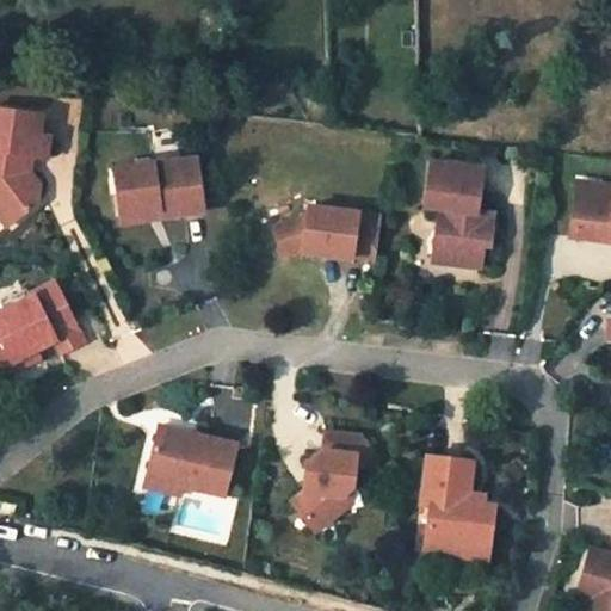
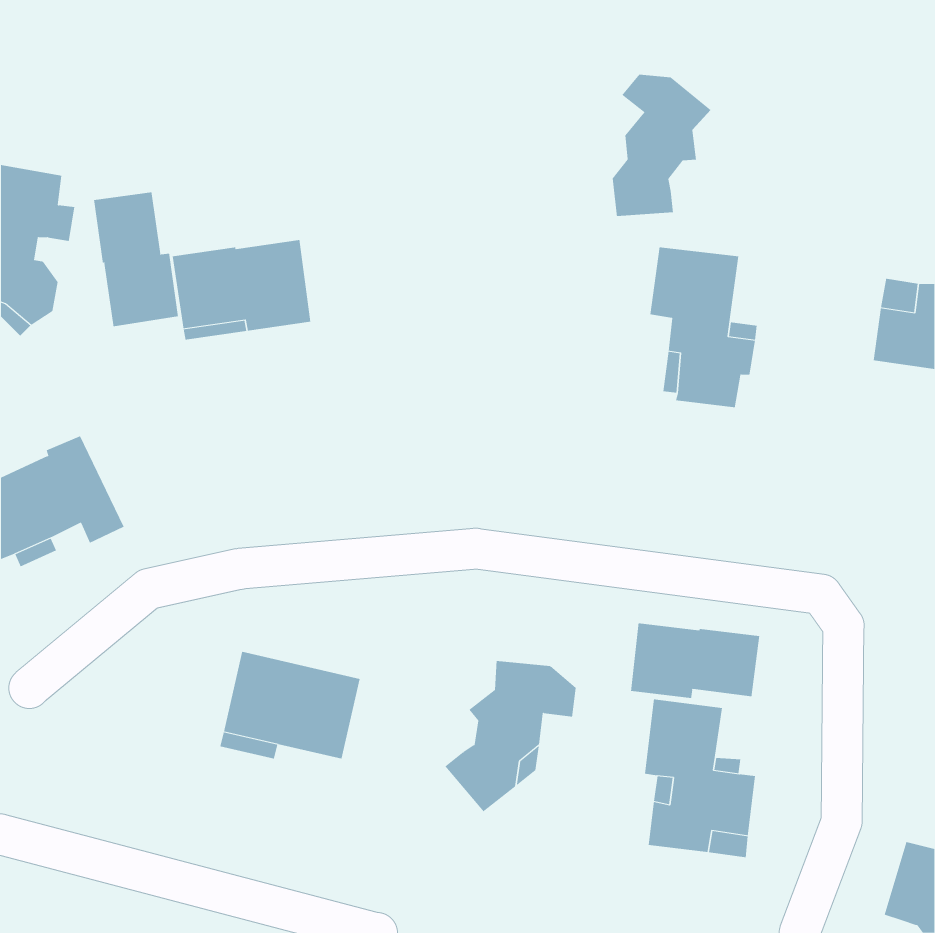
building: none -> [612,74,712,217]
building: none -> [93,192,179,327]
building: [273,205,381,258] -> none
building: none -> [631,622,760,699]

